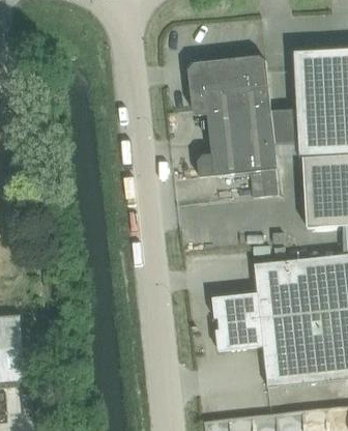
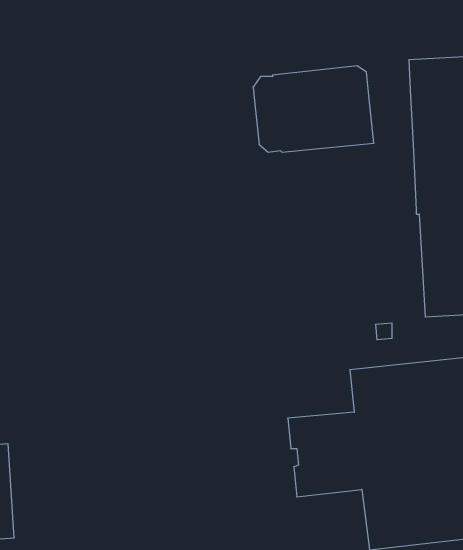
building: [198,109,279,197] -> none

